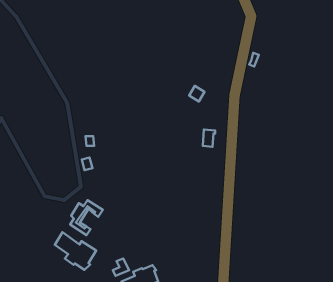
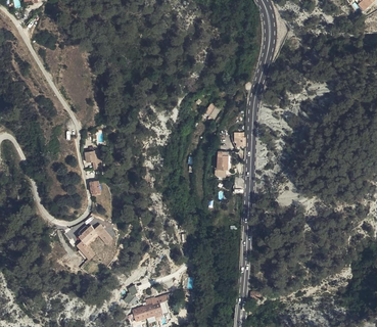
building: [55,232,96,270] -> none

